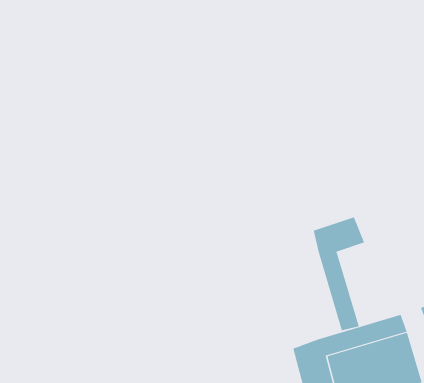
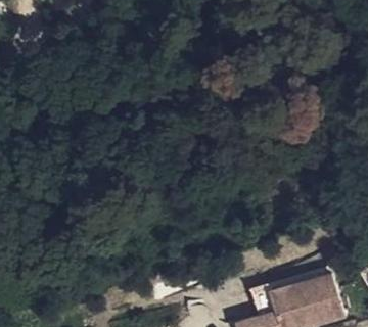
building: [313,216,365,331] -> none

